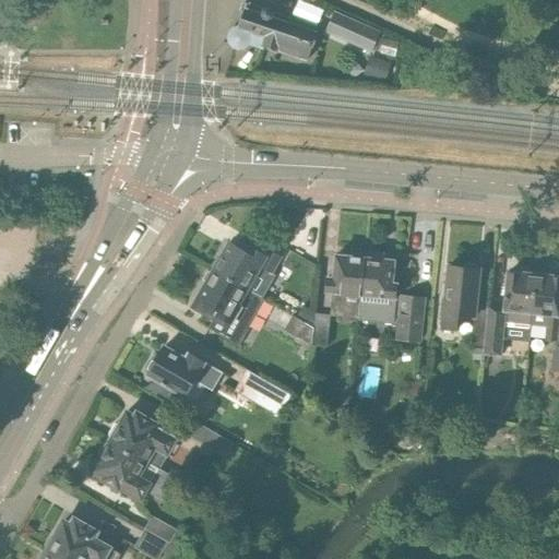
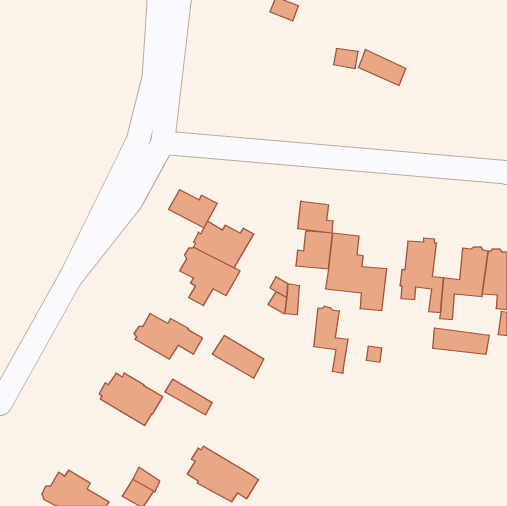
building: [227,7,317,59] -> none
building: [326,11,379,50] -> [358,50,406,85]
building: none -> [169,190,217,228]
building: none -> [298,201,333,233]
building: none -> [314,306,348,373]
building: none -> [433,328,489,354]
building: [93,439,171,500] -> [187,446,259,502]

